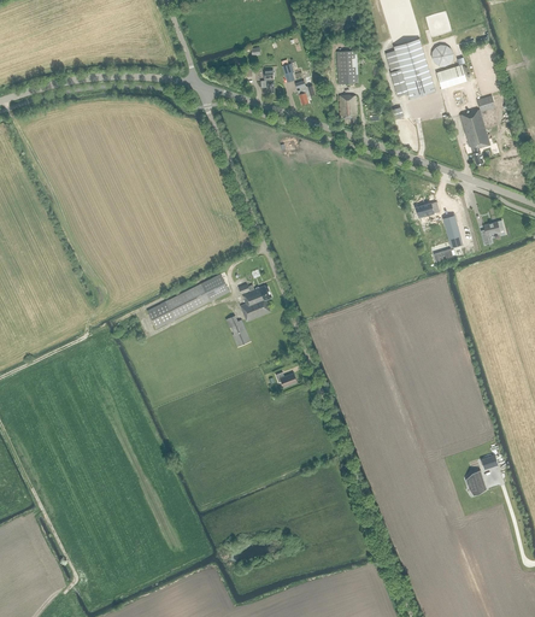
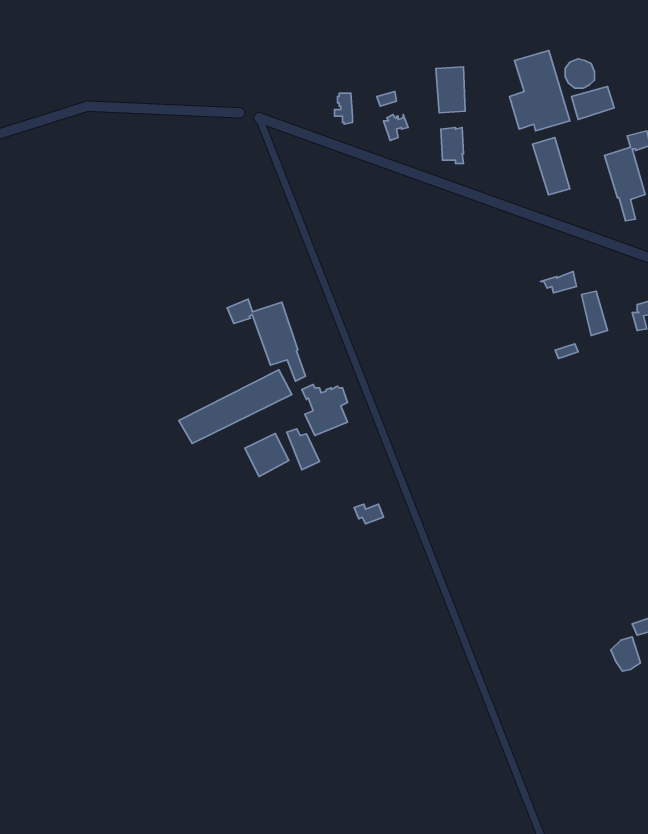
building: none -> [532,137,570,195]
building: none -> [227,299,306,381]
building: none -> [245,434,289,477]

